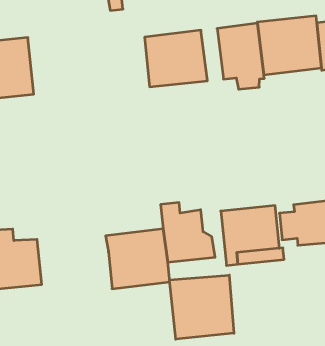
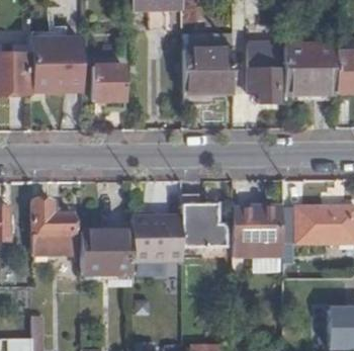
building: none -> [94,67,125,99]
building: none -> [82,233,134,275]
building: [170,275,234,339] -> none

